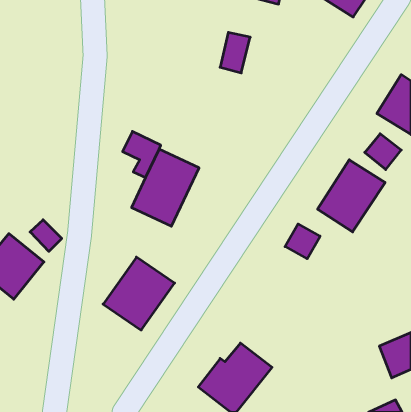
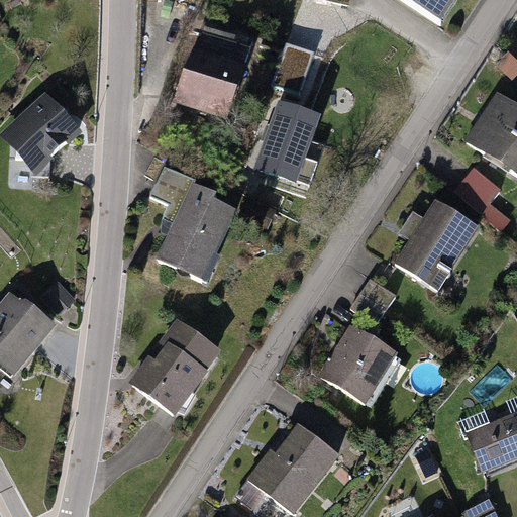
building: none -> [175,26,255,118]
building: none -> [251,94,319,182]
building: none -> [5,95,78,167]
building: none -> [322,327,397,402]

